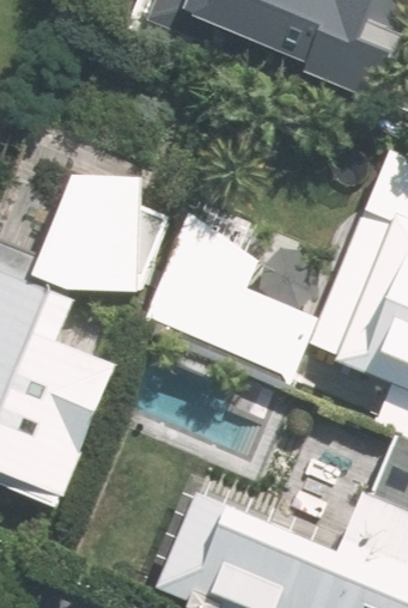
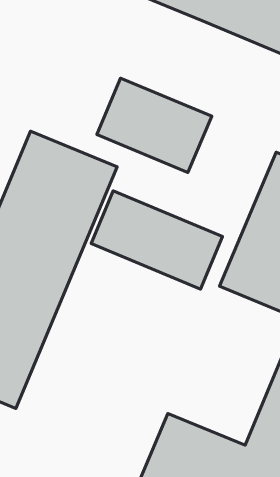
building: none -> [97,78,212,173]

